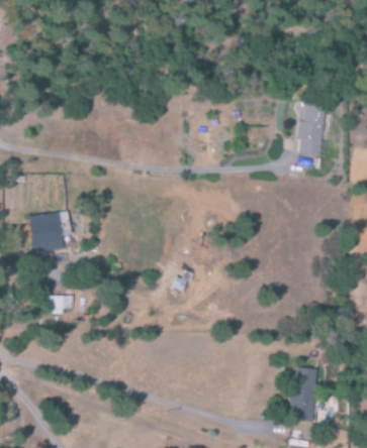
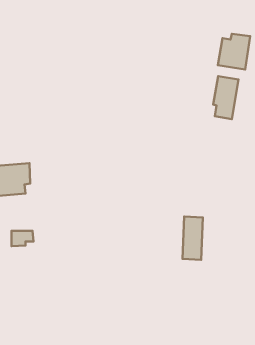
building: none -> [218,34,250,70]
building: [292,367,317,421] -> [183,217,203,260]

